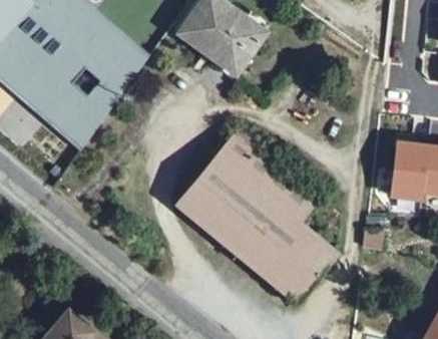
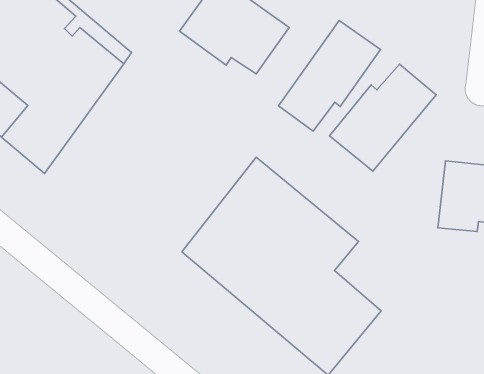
building: none -> [278,21,380,131]
building: none -> [330,64,436,171]

